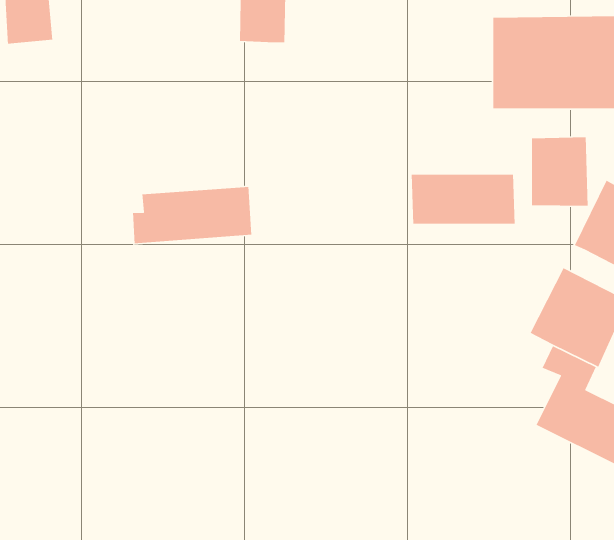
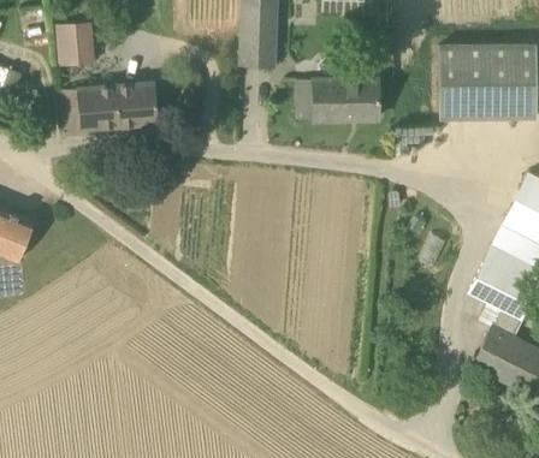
building: [531,137,588,206] -> none
building: [411,174,515,225] -> [297,78,379,118]
building: [132,186,252,244] -> [63,83,156,129]

